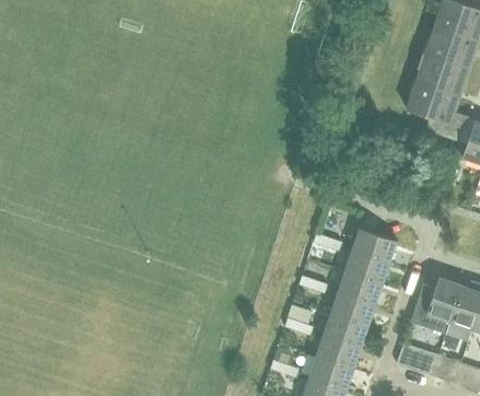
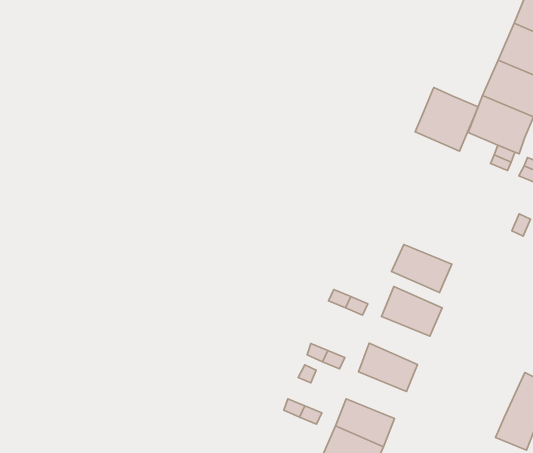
building: none -> [415,87,478,151]
building: [344,252,389,286] -> [391,245,452,293]
building: [410,278,463,336] -> none
building: [330,294,375,327] -> none

